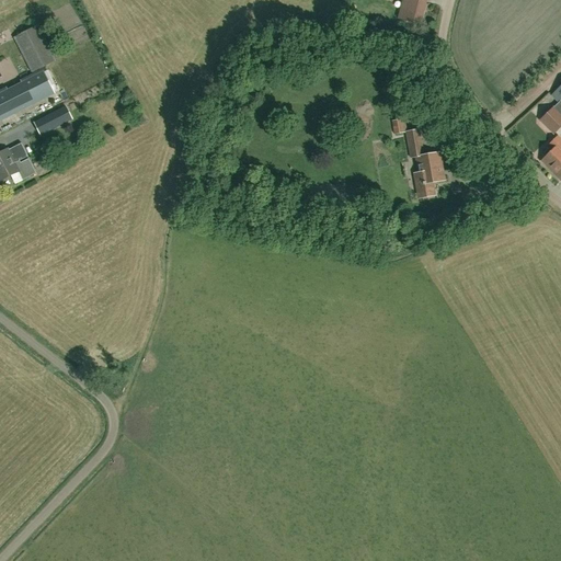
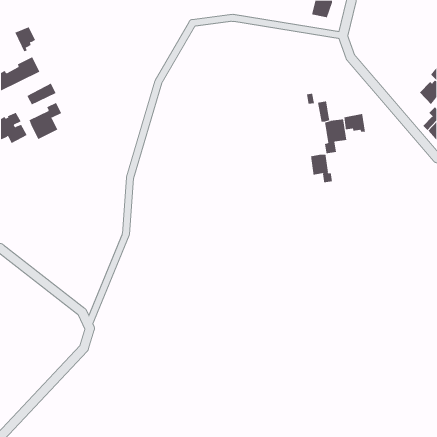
building: none -> [29,102,62,140]
building: none -> [344,113,365,133]
building: none -> [310,154,333,183]

